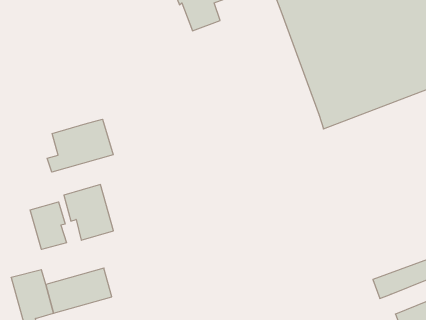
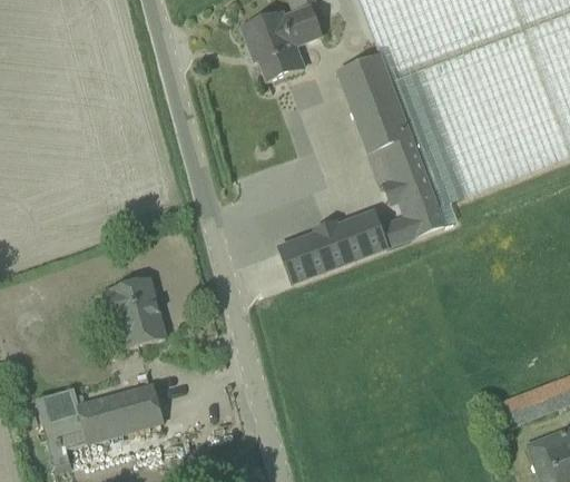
building: none -> [277,55,443,284]
building: [47,119,113,172] -> none
building: [30,202,66,249] -> none

